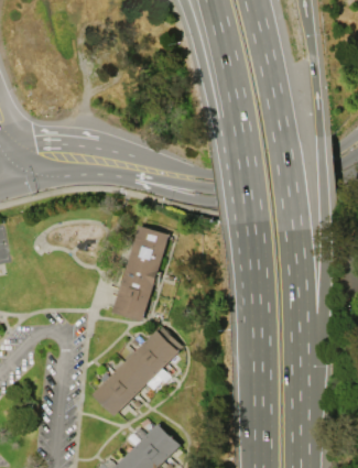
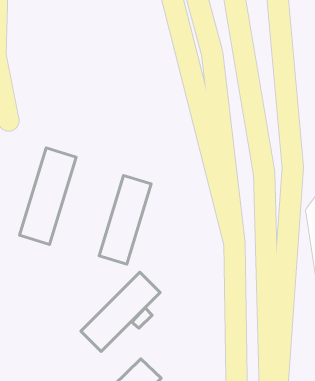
building: none -> [20,148,76,244]

